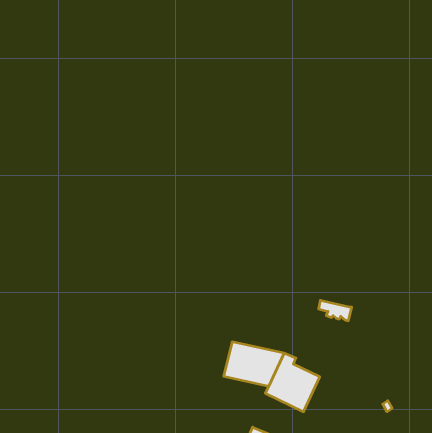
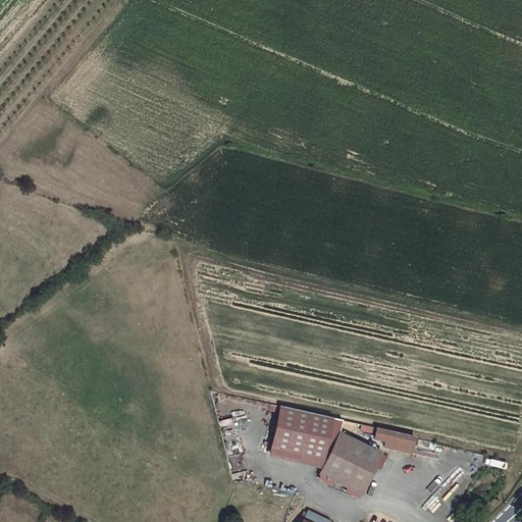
building: [319,300,352,321] -> [377,428,417,453]

